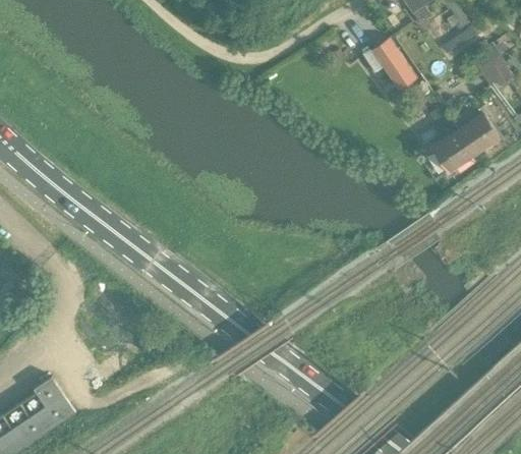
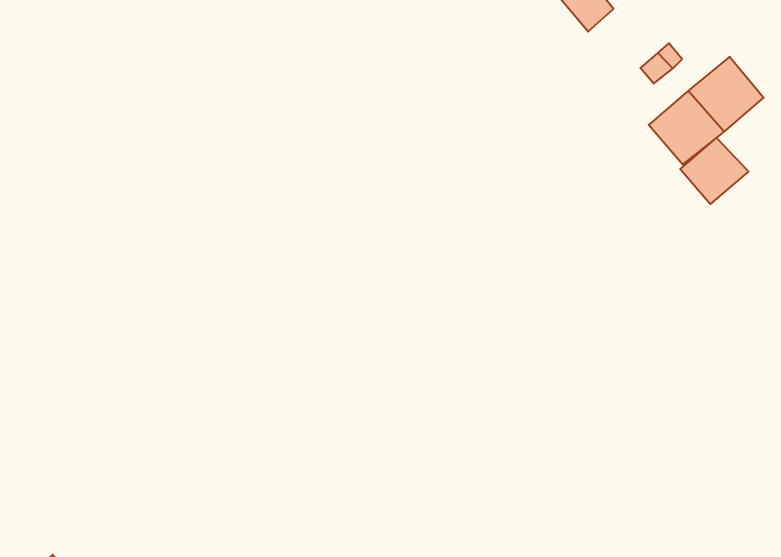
building: none -> [680,138,748,204]

